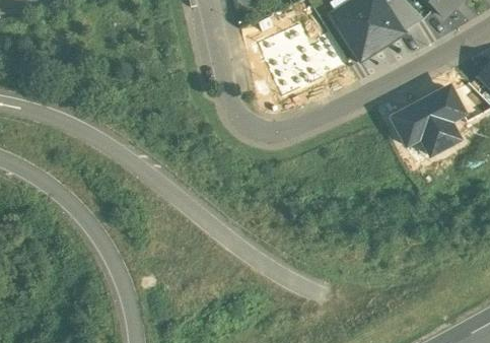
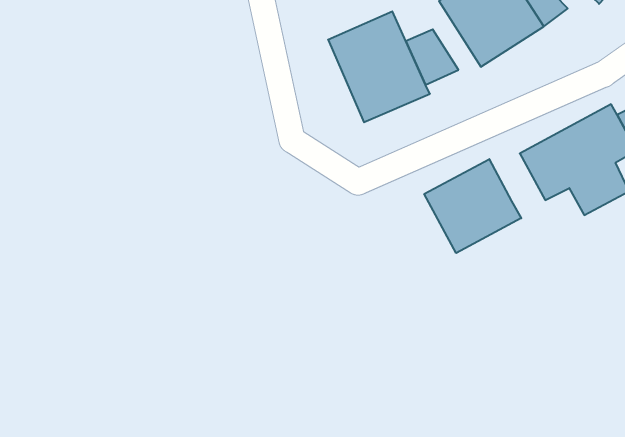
building: none -> [424,159,521,253]

